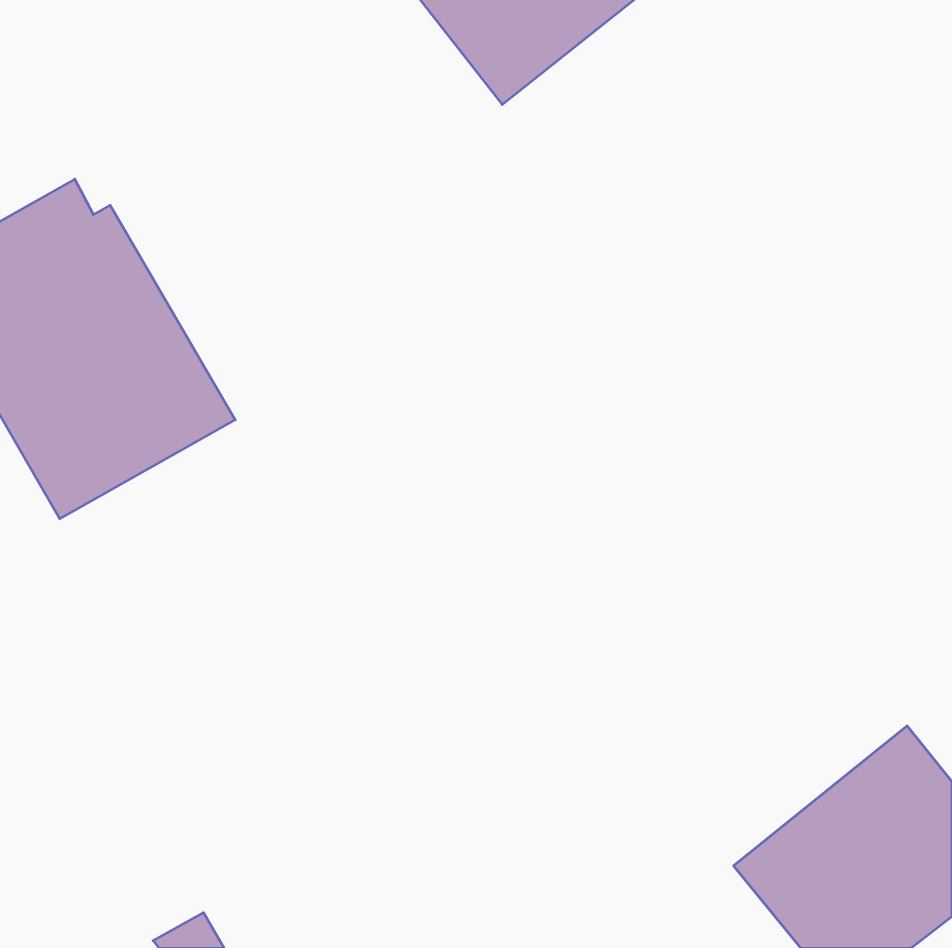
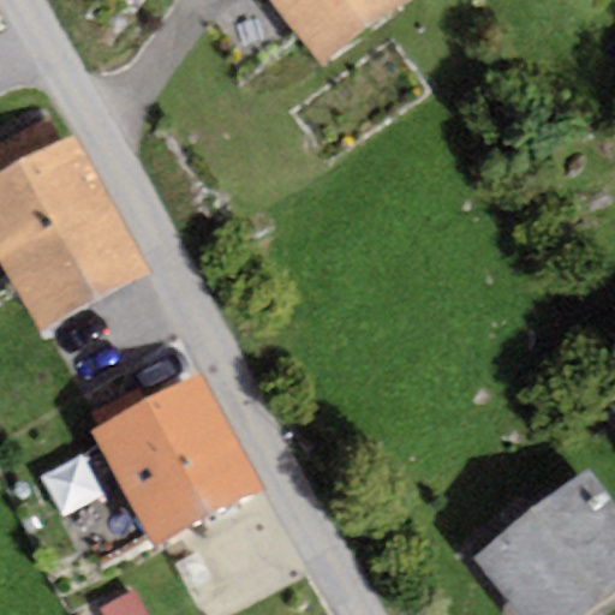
building: none -> [90,370,262,544]

